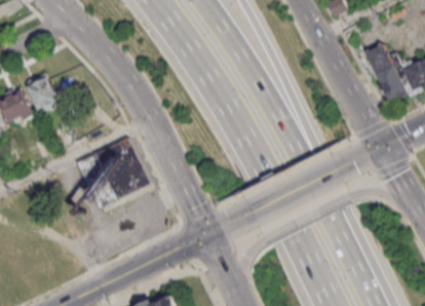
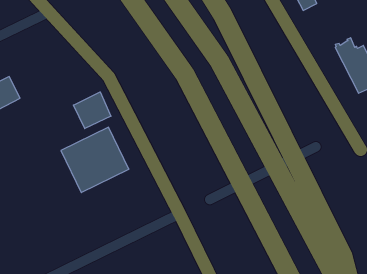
building: [24,71,56,109] -> none
building: none -> [73,92,111,129]

